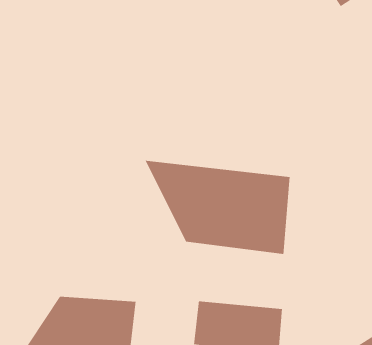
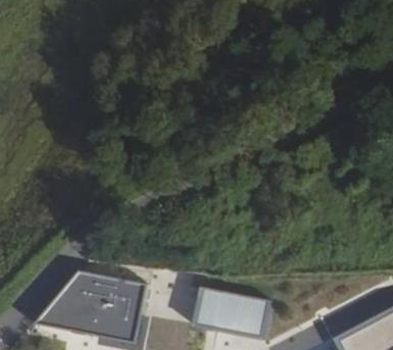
building: [144,160,291,255] -> none

